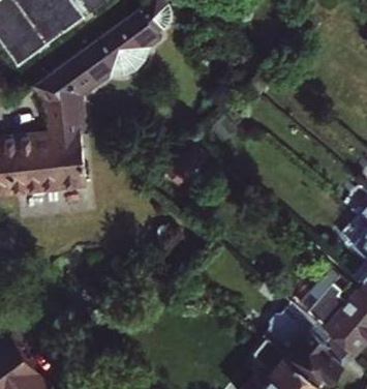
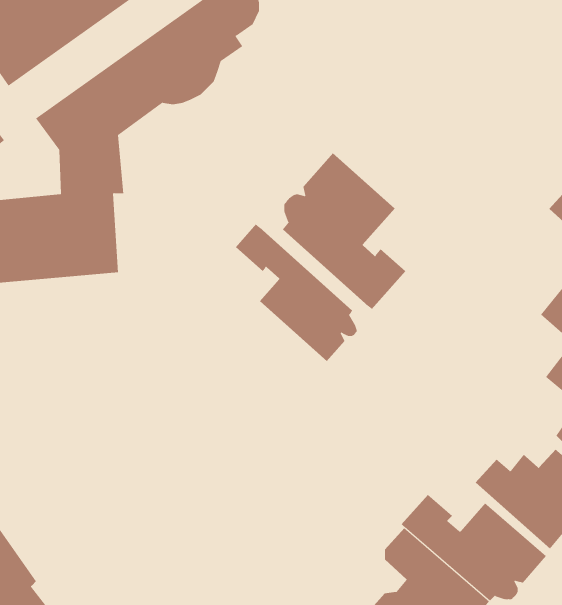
building: none -> [282,153,406,310]
building: none -> [235,223,358,362]

